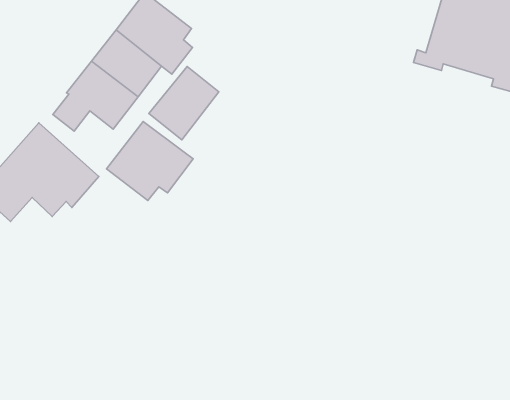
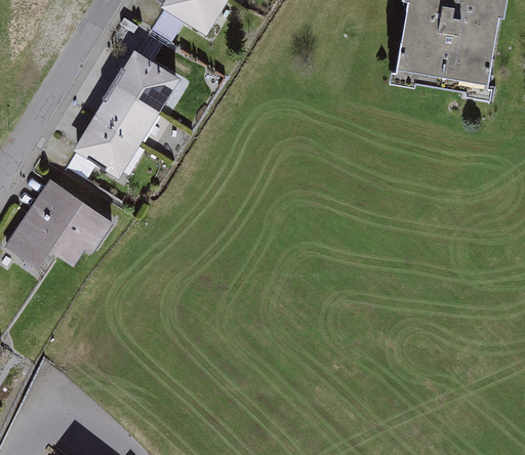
building: [149,66,219,140] -> none
building: [106,121,193,200] -> none

